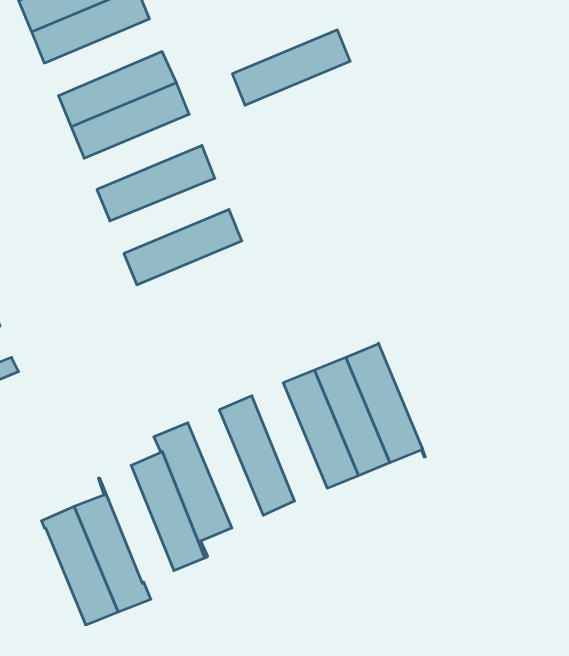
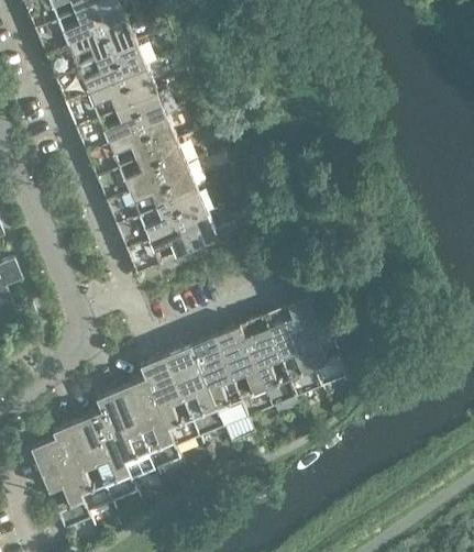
building: none -> [56,43,147,102]
building: [232,30,350,105] -> [87,117,178,175]
building: none -> [107,166,199,224]
building: none -> [128,214,229,273]
building: none -> [217,324,275,416]
building: none -> [167,345,225,437]
building: none -> [99,388,156,479]
building: none -> [32,437,92,529]

